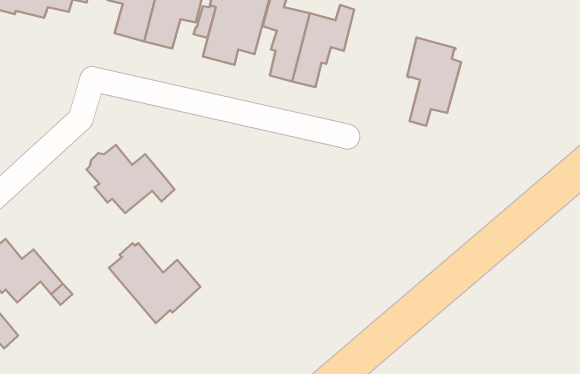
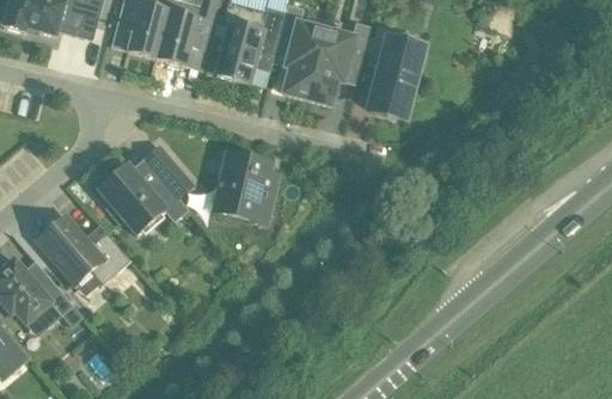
building: [407,38,461,126] -> [367,24,422,113]
building: none -> [145,145,192,197]
building: none -> [213,152,279,225]
building: [109,243,201,323] -> [37,215,130,296]

